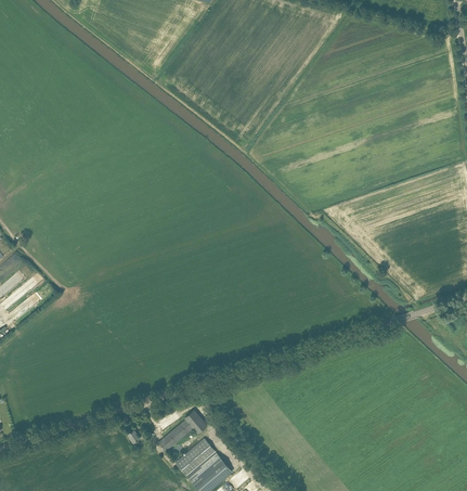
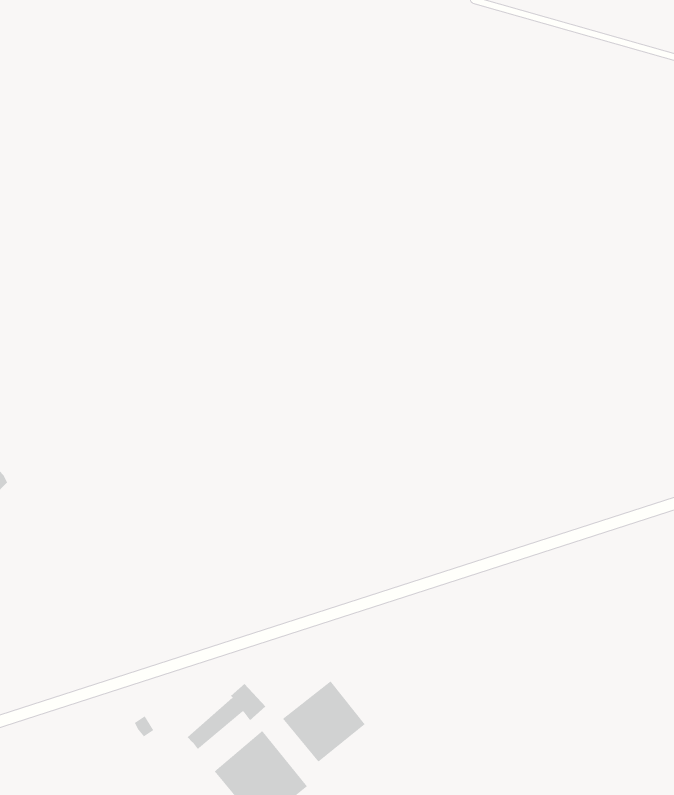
building: none -> [282,681,365,763]

